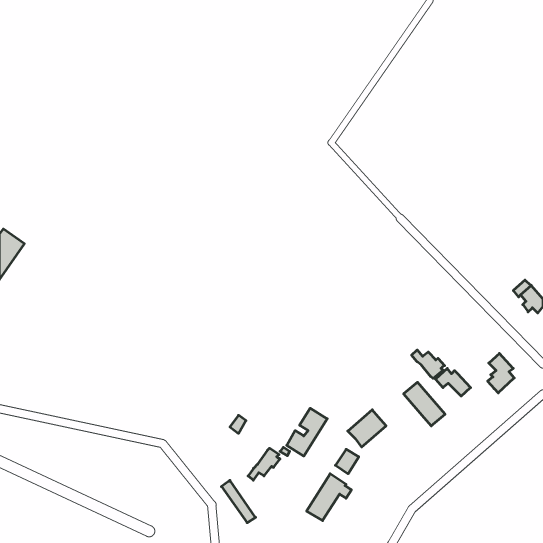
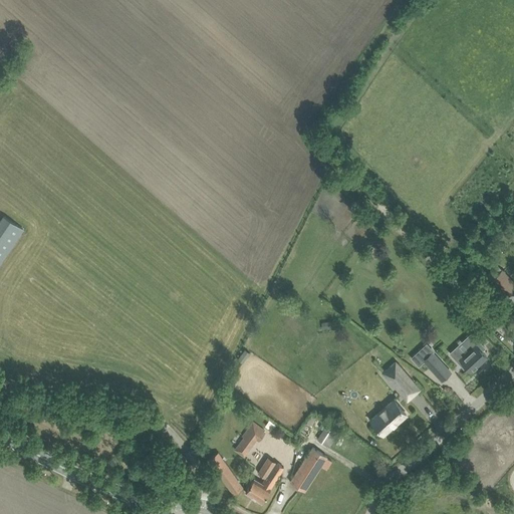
building: [412,350,445,378] -> none
building: [287,408,327,456] -> [245,458,283,503]
building: [348,410,386,447] -> [369,401,406,436]

